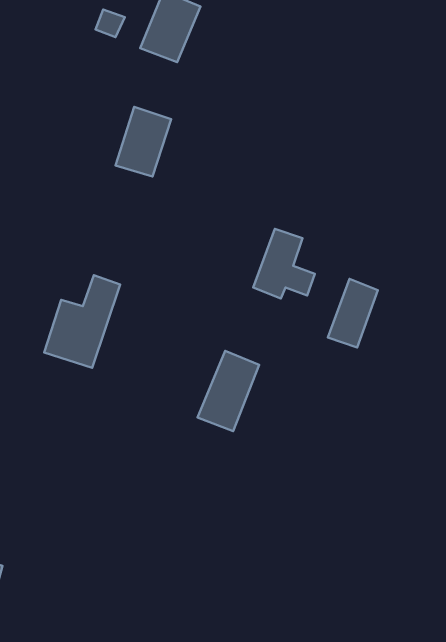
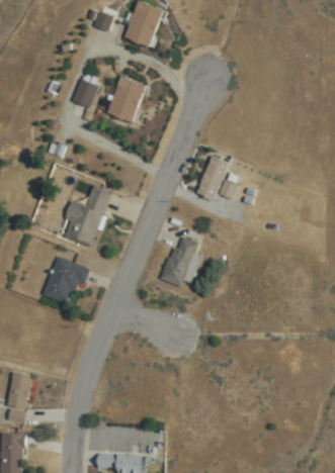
building: none -> [72,79,98,107]
building: [328,279,378,347] -> none
building: none -> [43,257,86,305]

